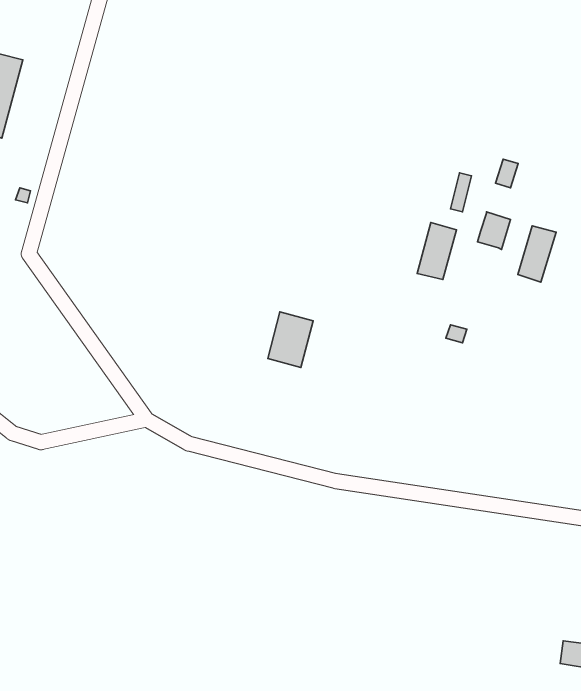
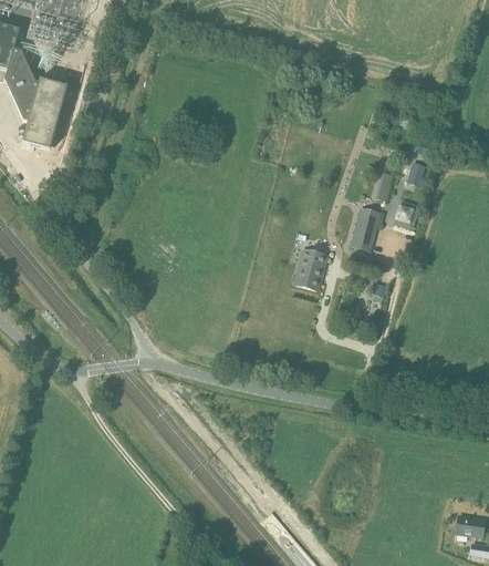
building: [518,226,556,282] -> none
building: [268,312,313,367] -> [294,248,327,289]

